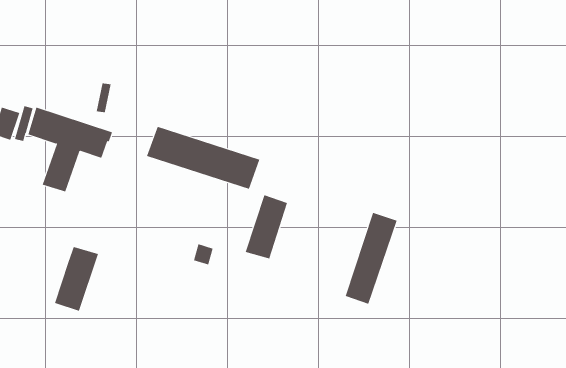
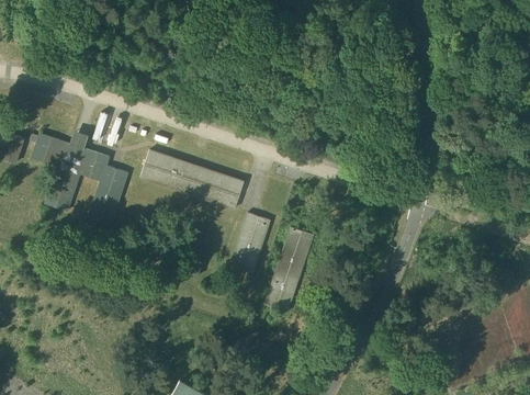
building: [345,212,398,305] -> [266,226,314,311]
building: [54,246,99,312] -> [88,163,128,224]

